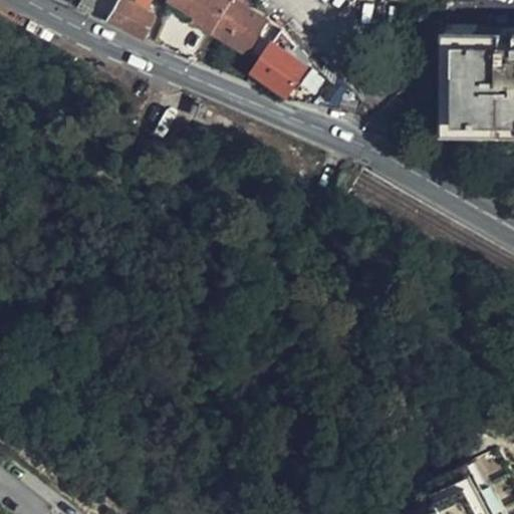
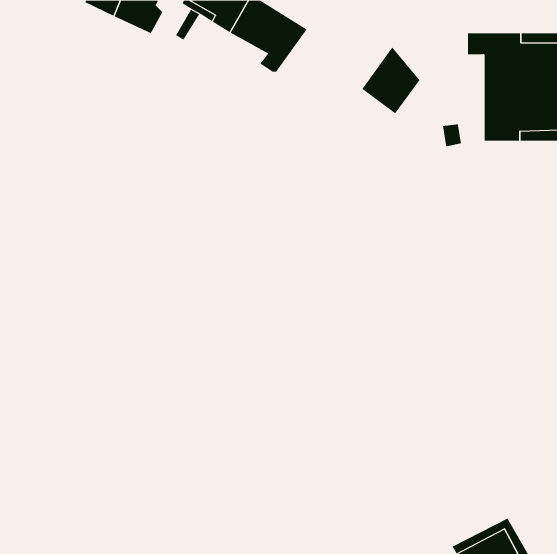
building: [256,32,310,94] -> [362,46,421,114]

